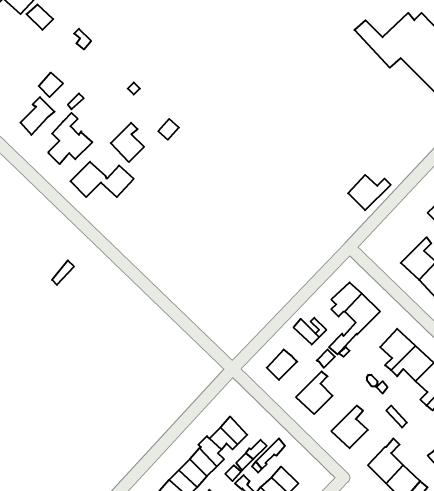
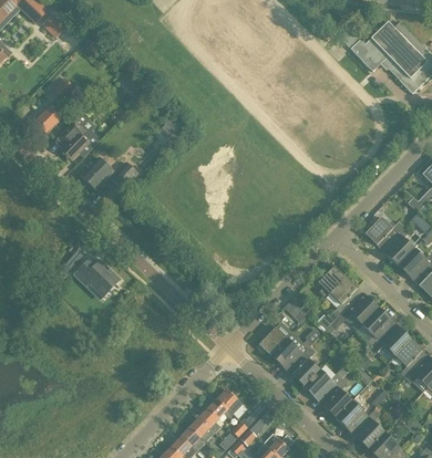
building: [111,123,144,162] -> none
building: [348,175,391,210] -> [366,217,404,249]
building: none -> [79,258,120,291]
building: none -> [341,293,378,325]
building: none -> [270,339,309,371]
building: none -> [302,369,341,402]
building: none -> [335,400,367,433]

